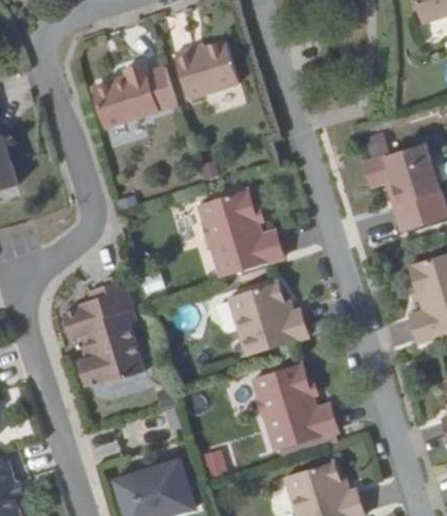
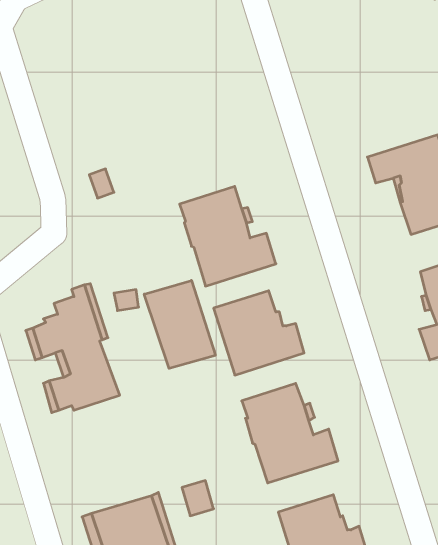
building: [172,40,236,98] -> none
building: [92,61,177,126] -> none
building: none -> [144,280,215,368]

